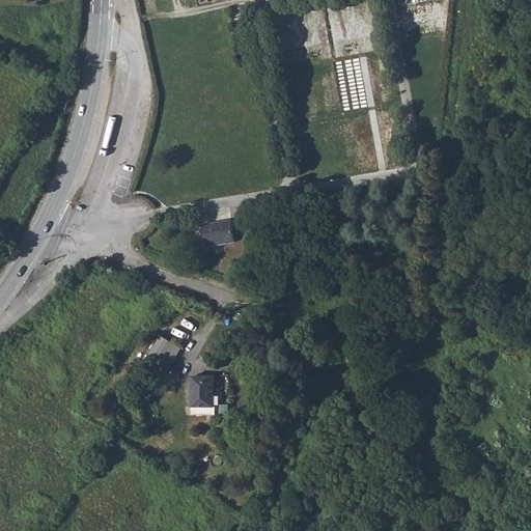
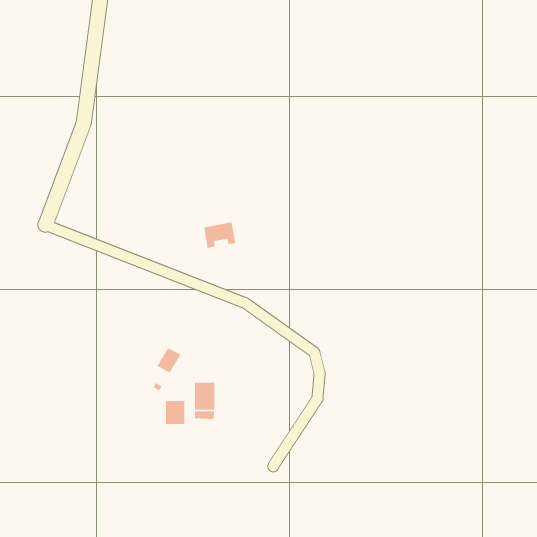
building: none -> [165,400,185,425]

